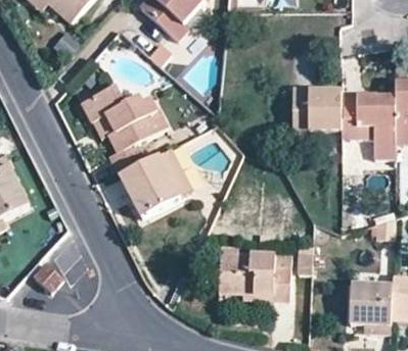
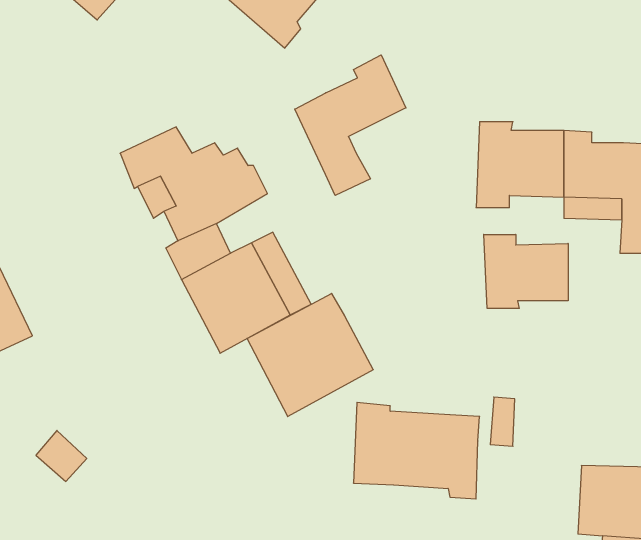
building: none -> [295,55,406,195]
building: none -> [484,234,568,308]
building: none -> [247,293,373,417]

